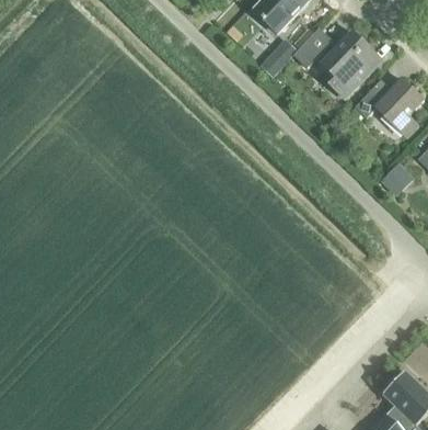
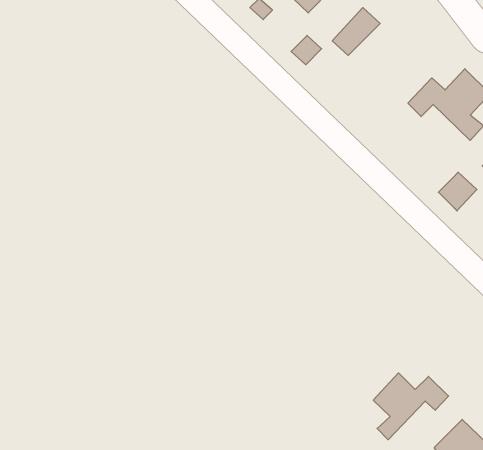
building: [323,33,375,100] -> none
building: none -> [373,373,449,440]

